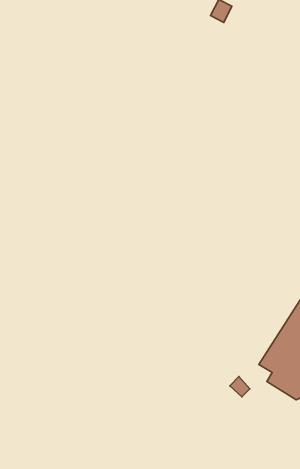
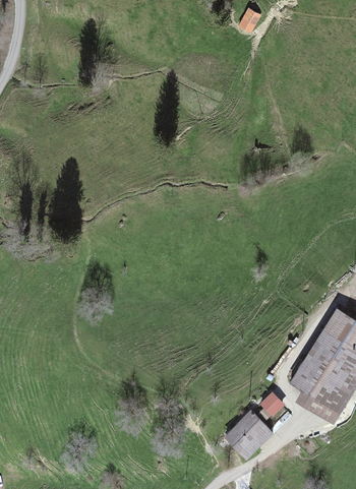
building: none -> [226,412,270,455]

